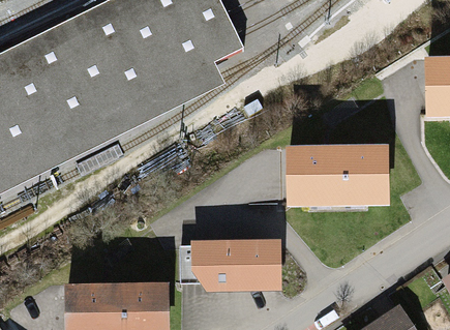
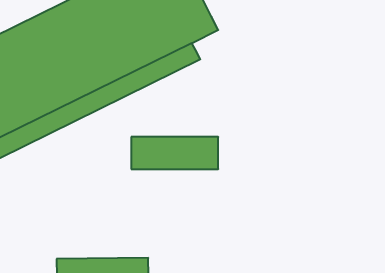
building: [290,154,393,209] -> none
building: [181,248,276,283] -> [131,137,218,169]

